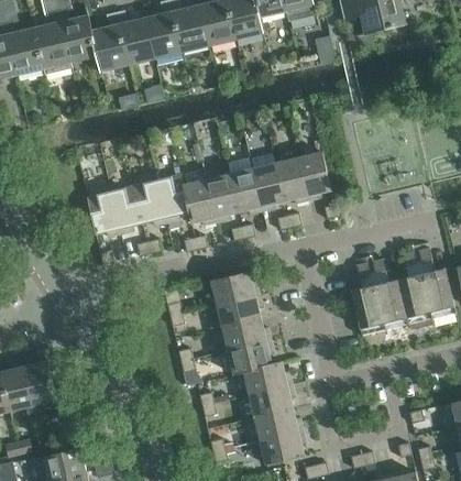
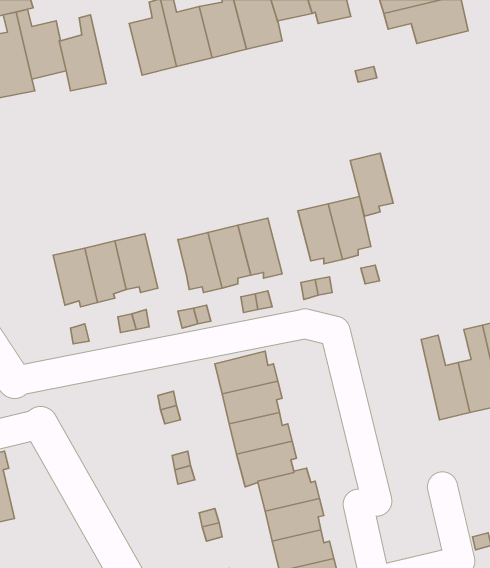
building: [114,10,154,65] -> none
building: [251,163,284,211] -> [350,153,393,216]
building: [156,175,188,222] -> none
building: [350,262,383,329] -> none

